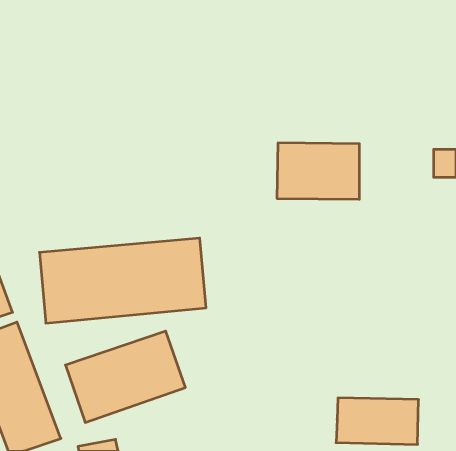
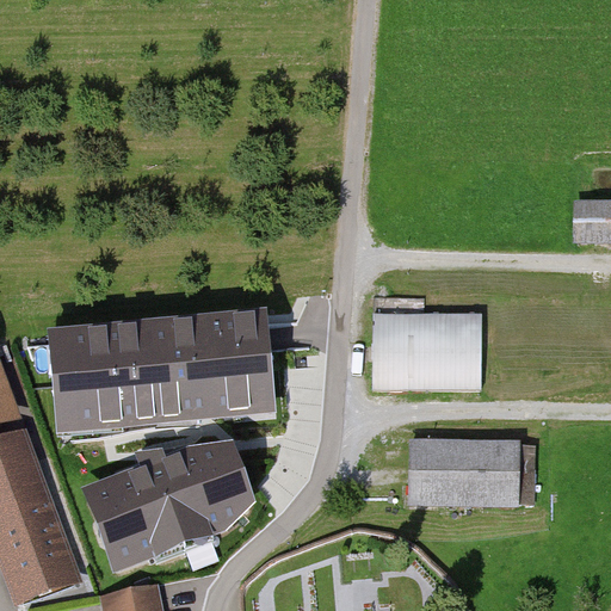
building: [277,143,359,199] -> [371,309,481,384]
building: [336,398,419,444] -> [408,438,518,500]

